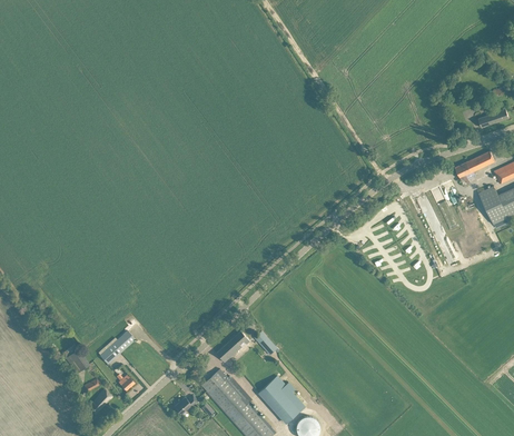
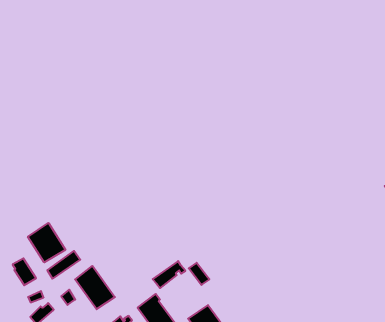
building: none -> [28,223,65,262]
building: none -> [75,266,115,309]

